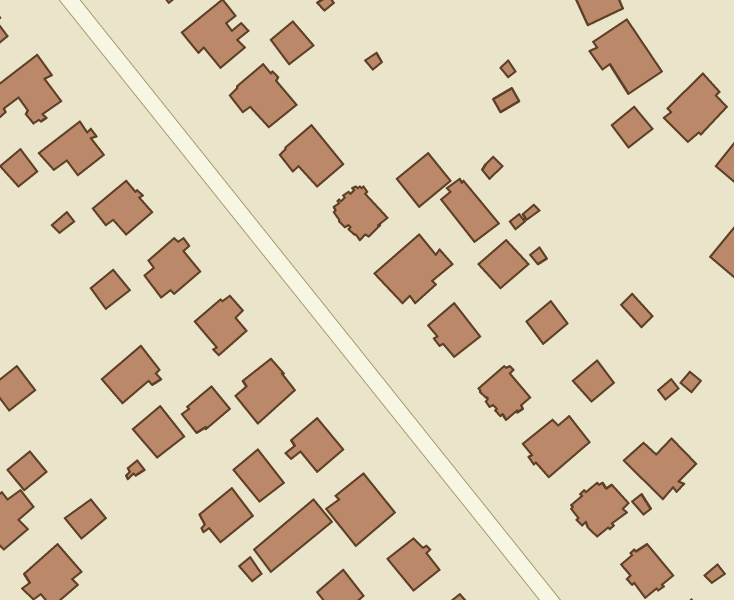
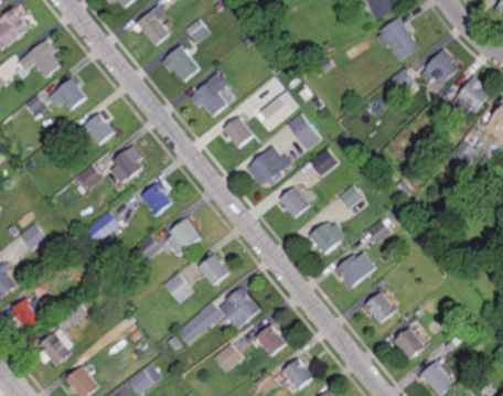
building: [133,406,184,458] -> none
building: [624,439,696,499] -> none
building: [199,488,253,542] -> none

